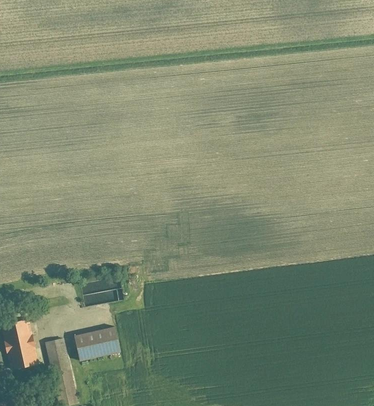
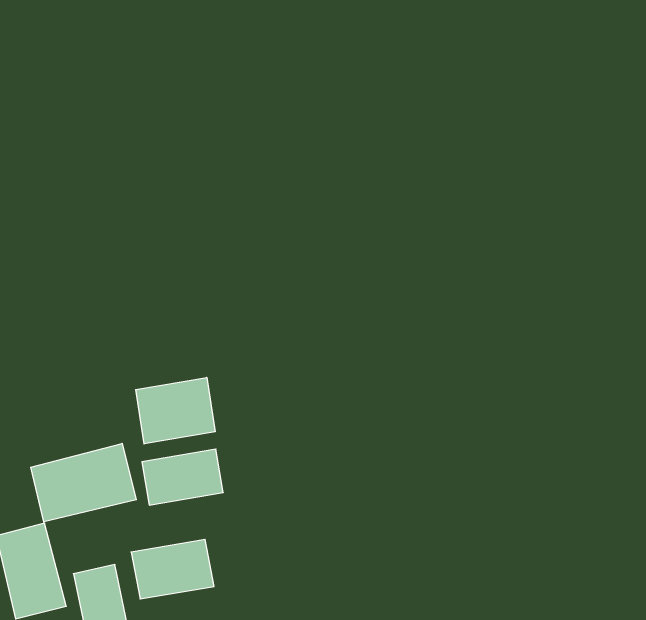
building: none -> [136,377,215,444]
building: none -> [31,443,136,522]

